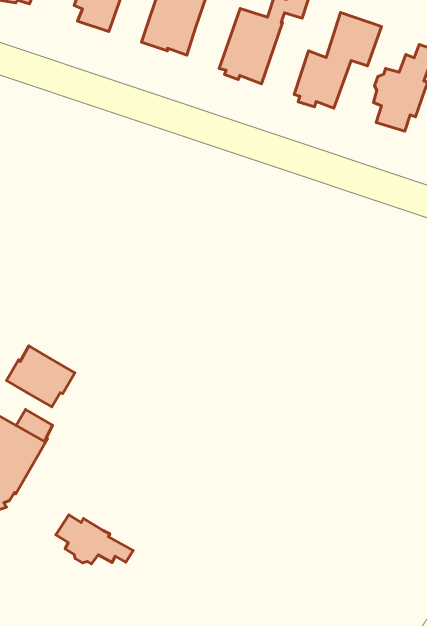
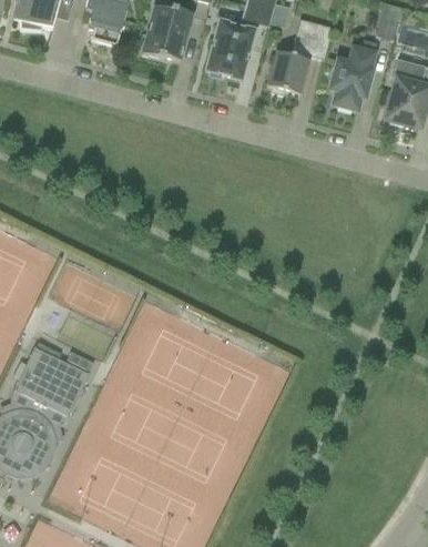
building: [6,346,75,407] -> none
building: [56,515,133,564] -> none

